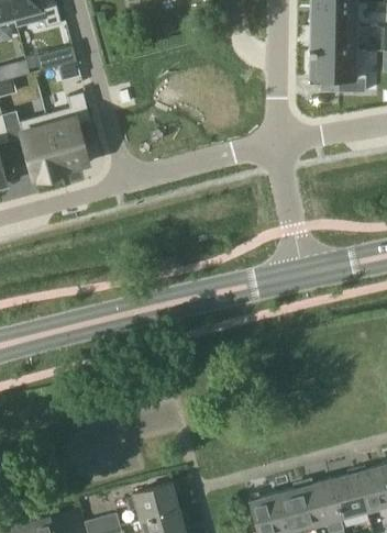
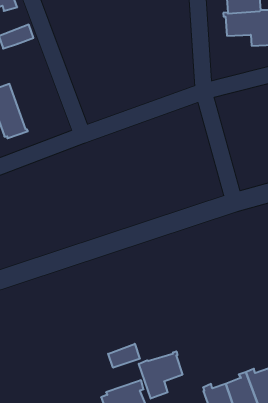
building: [45,93,90,171] -> none
building: none -> [108,344,140,368]
building: none -> [139,351,182,399]

